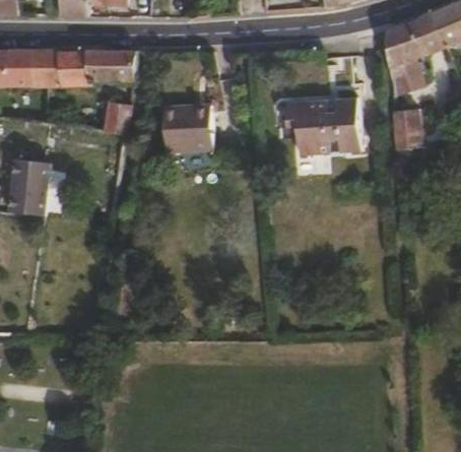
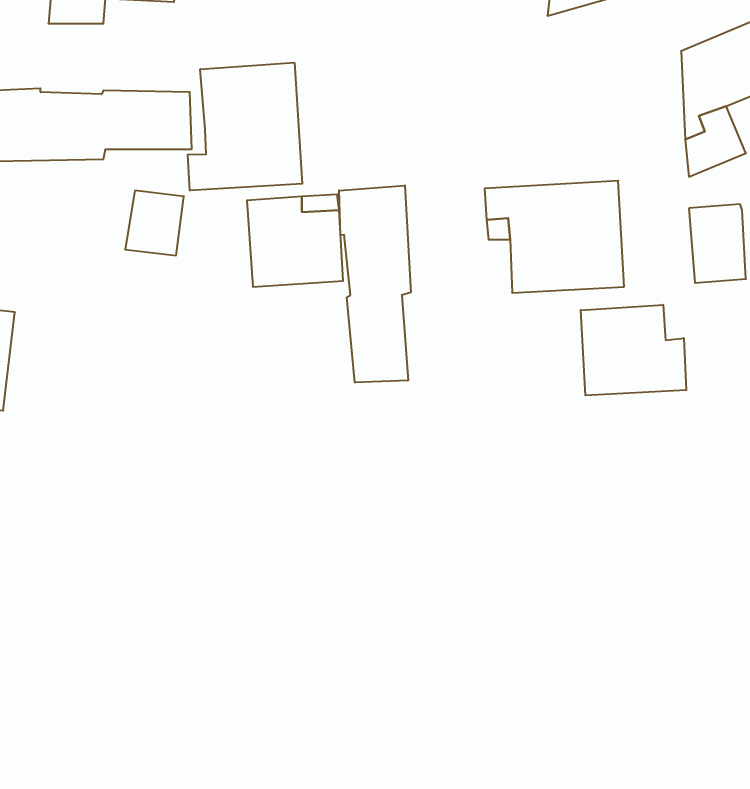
building: none -> [188,63,302,191]
building: none -> [339,185,411,383]
building: none -> [581,305,686,395]

